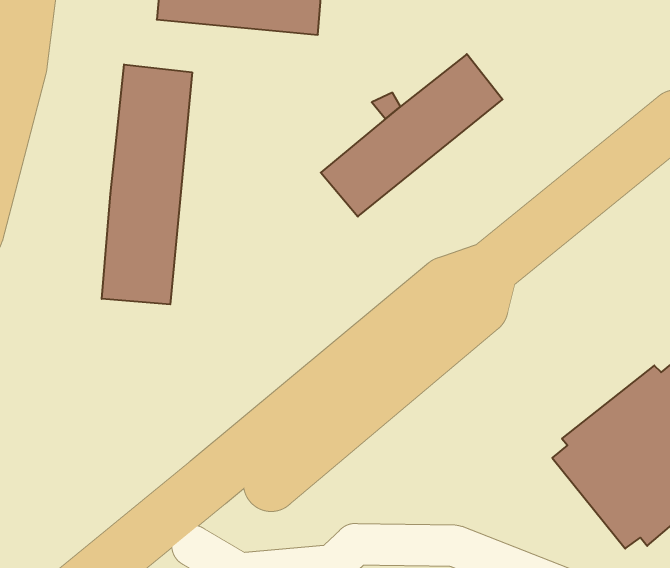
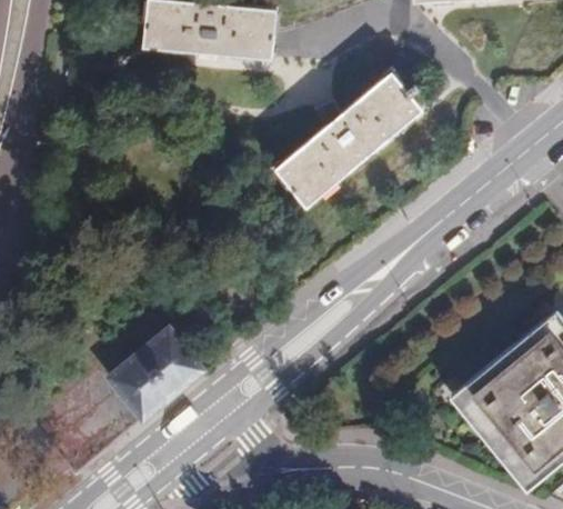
building: [102,64,192,304] -> none
building: none -> [109,332,201,421]

